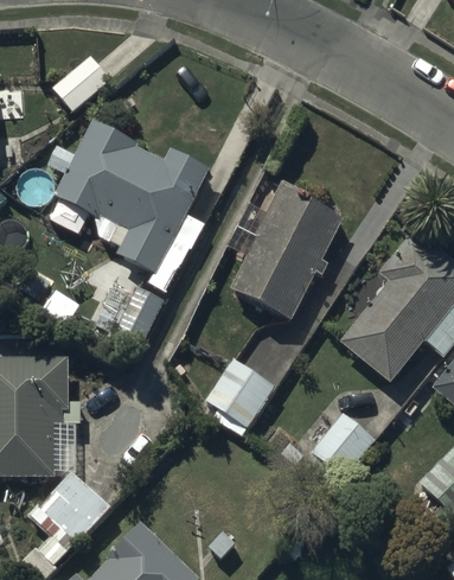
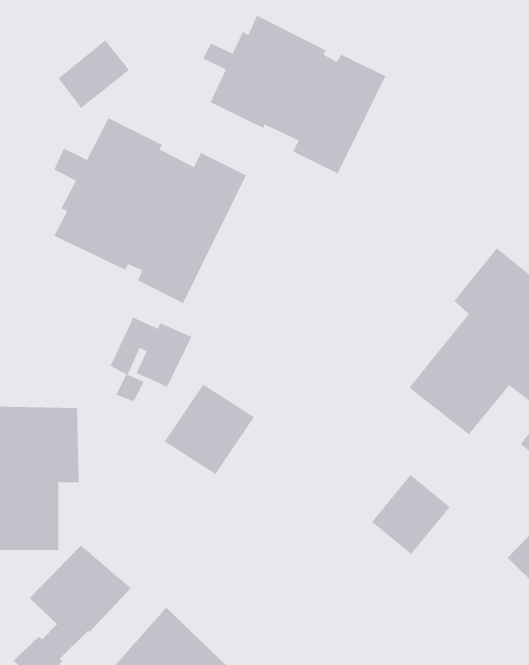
building: none -> [202,15,386,174]
building: [230,184,344,318] -> none
building: [202,358,276,433] -> [164,384,255,475]

